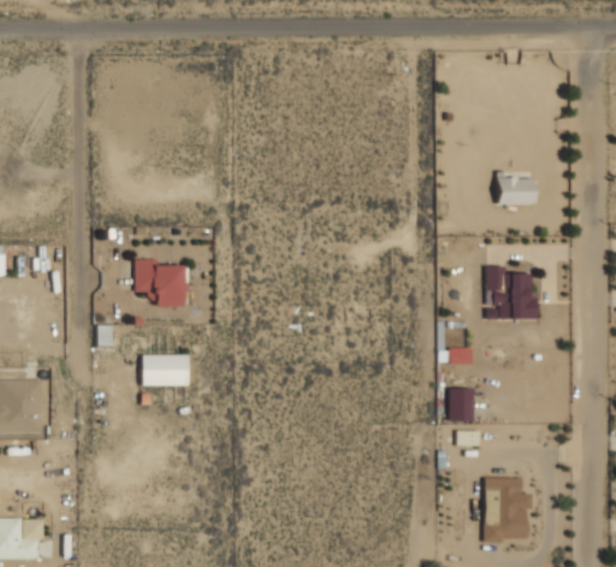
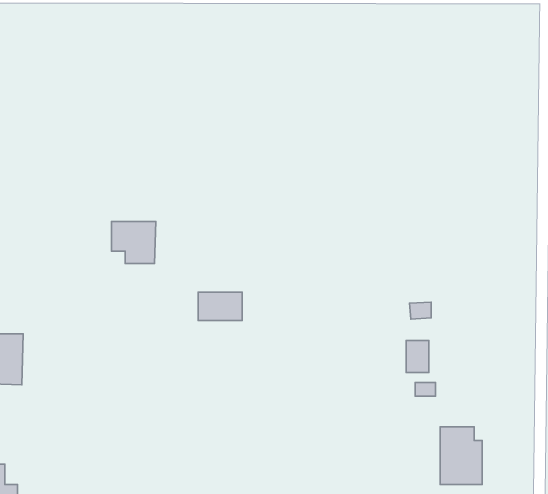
building: [497,178,534,205] -> none
building: [487,266,534,320] -> none
building: [141,354,188,384] -> [198,292,242,321]

